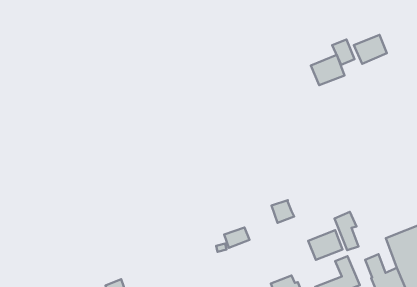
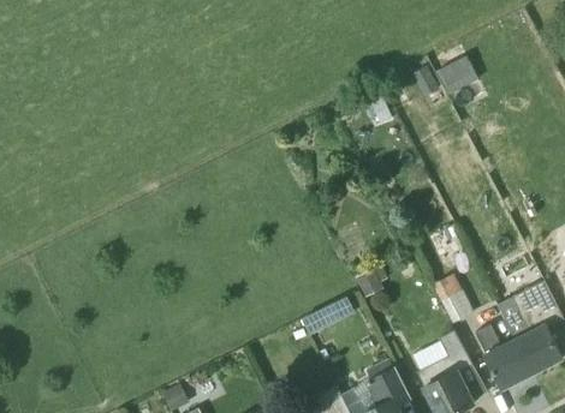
building: [311,55,344,85] -> none
building: [308,230,342,260] -> none

